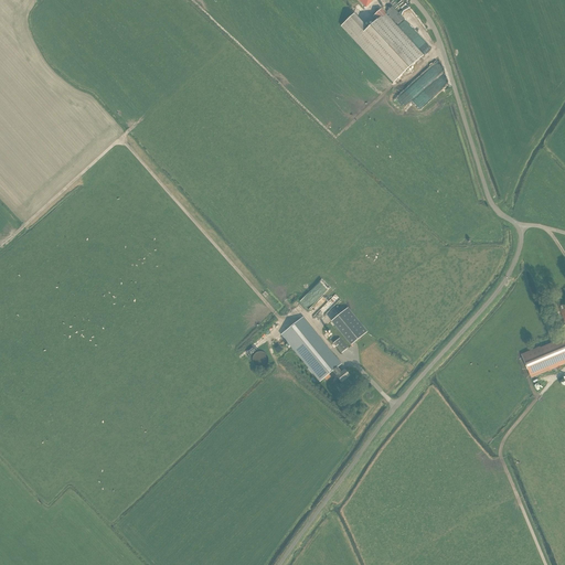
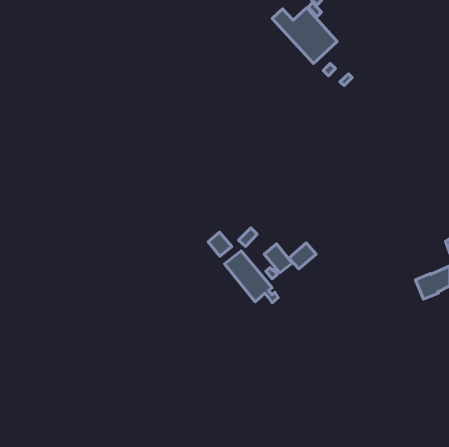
building: none -> [208,232,232,256]
building: none -> [289,243,316,269]

